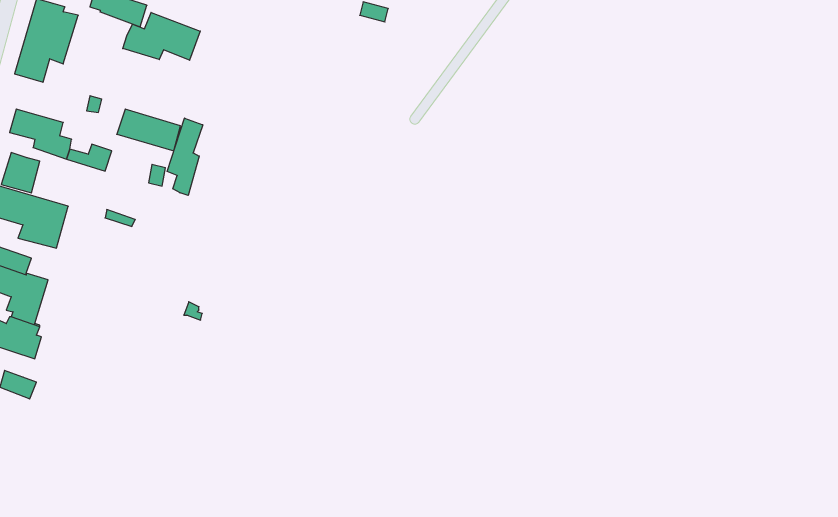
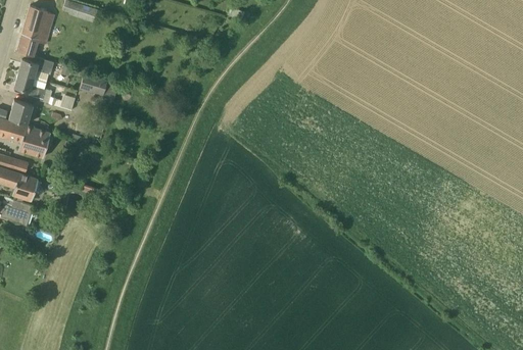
building: [123,12,200,60] -> none
building: none -> [17,57,52,81]
building: [167,118,203,195] -> none

